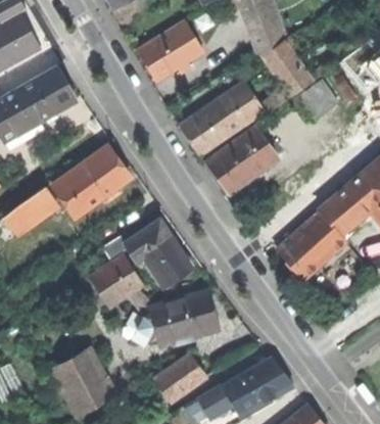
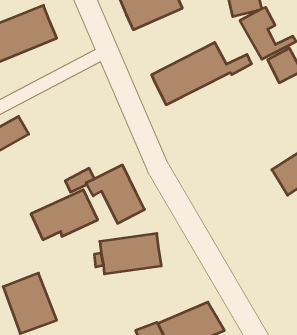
building: [205,126,278,192] -> none
building: [52,146,130,218] -> none
building: [277,213,346,279] -> none
building: [158,355,206,399] -> none

